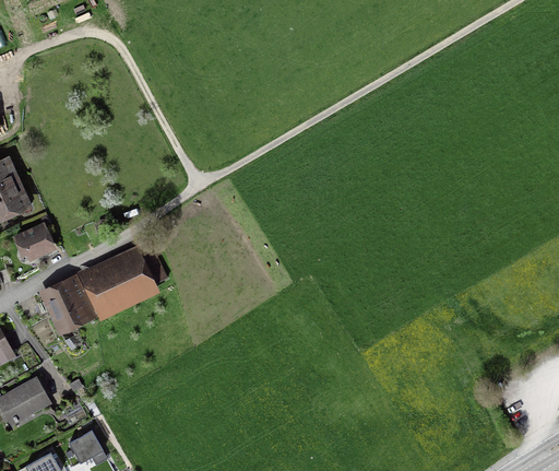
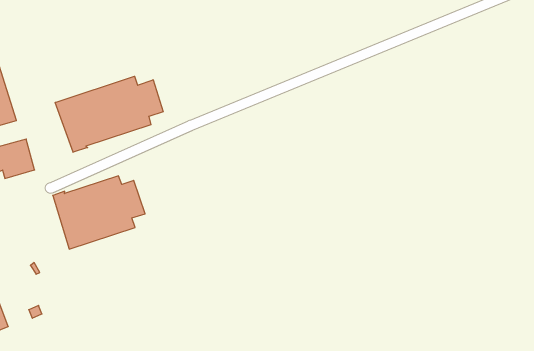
building: none -> [55,76,163,152]
building: [38,274,96,335] -> none

